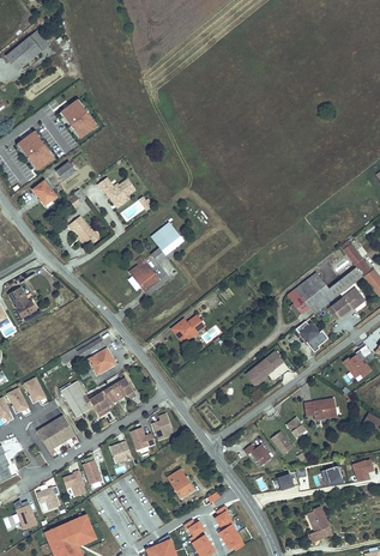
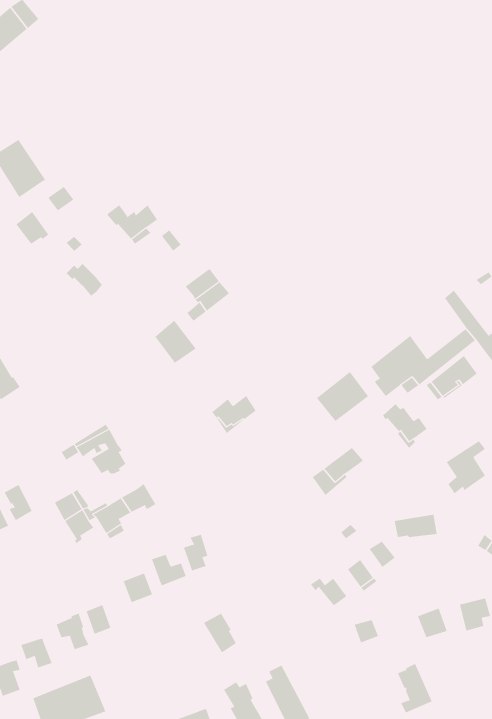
building: [60,98,98,140] -> none
building: none -> [316,371,369,422]
building: [37,416,76,451] -> none

